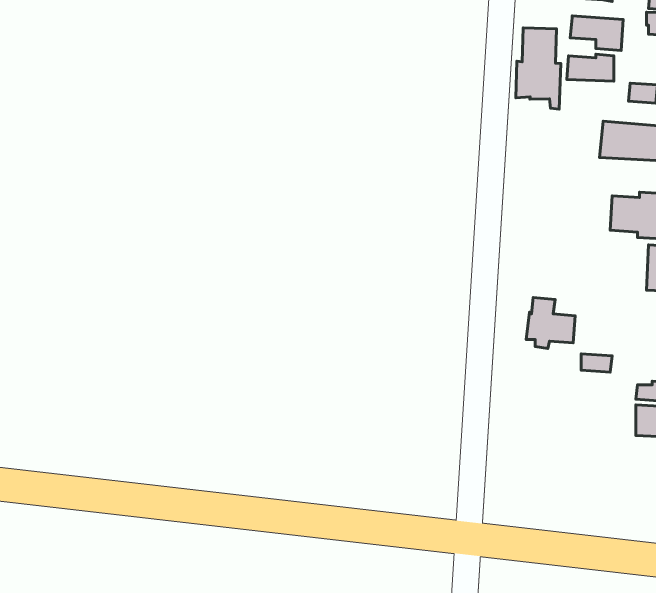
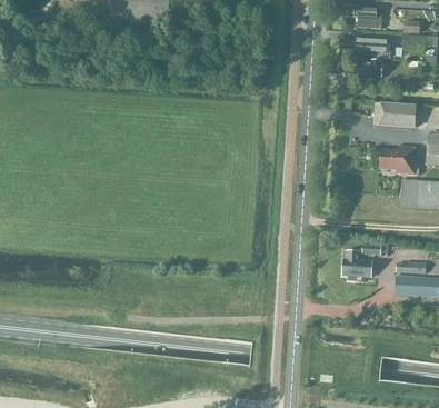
building: [516,28,561,109] -> none
building: [526,298,575,348] -> [342,250,372,281]

